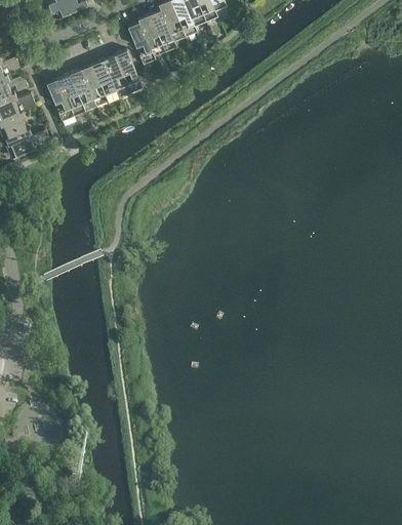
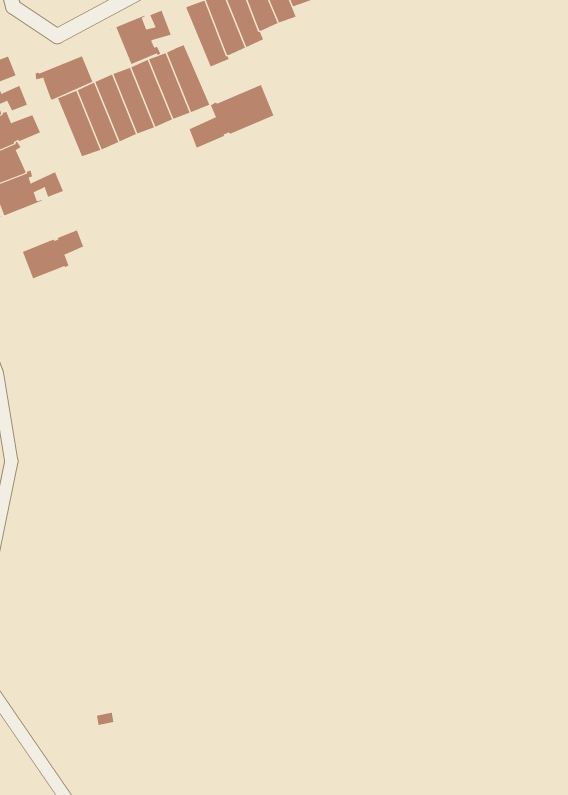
building: none -> [110,10,172,65]
building: none -> [34,56,93,101]
building: none -> [189,84,274,148]
building: none -> [22,230,84,279]

